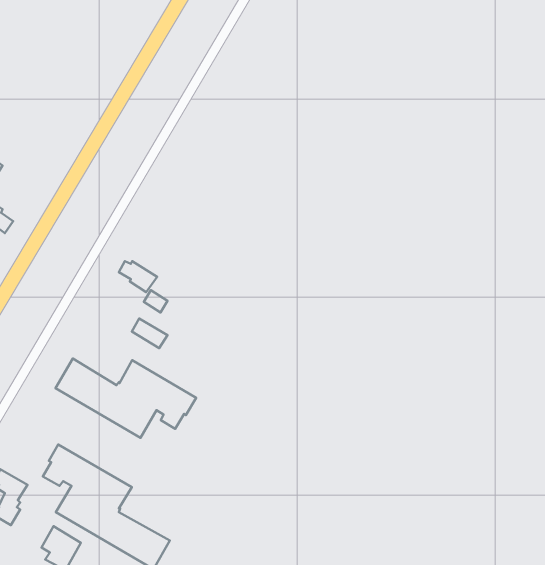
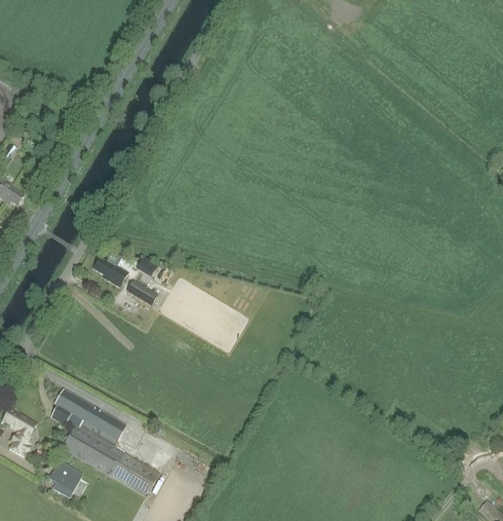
building: [119,261,157,292] -> [94,259,127,286]
building: [55,358,196,438] -> none

